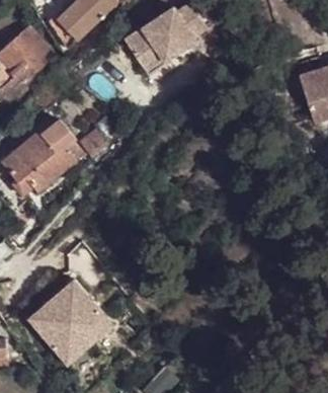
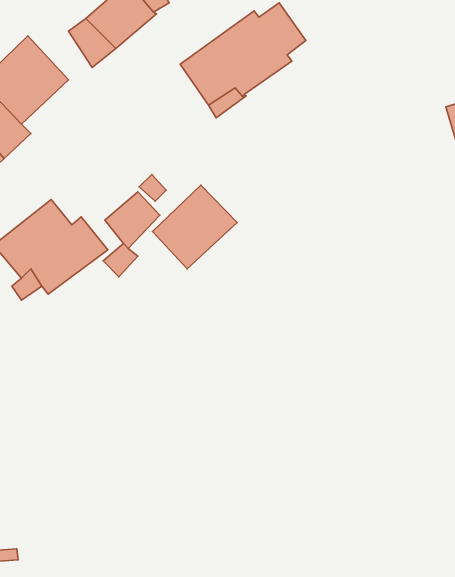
building: none -> [152,185,237,269]
building: [27,281,112,366] -> none

